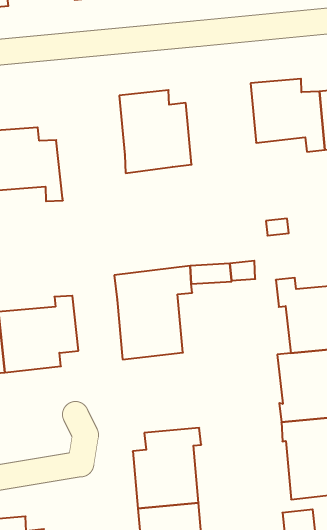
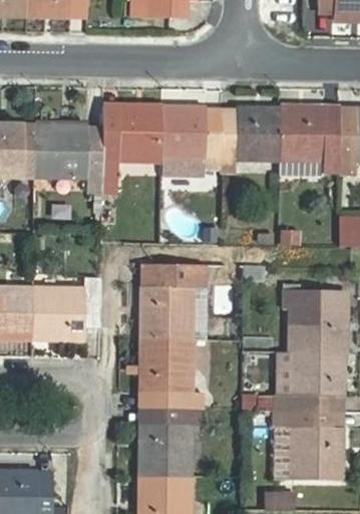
building: none -> [220,106,280,175]
building: none -> [102,104,162,191]
building: none -> [139,339,207,408]

